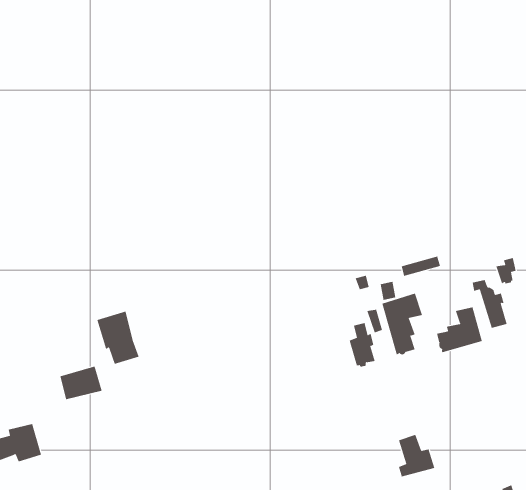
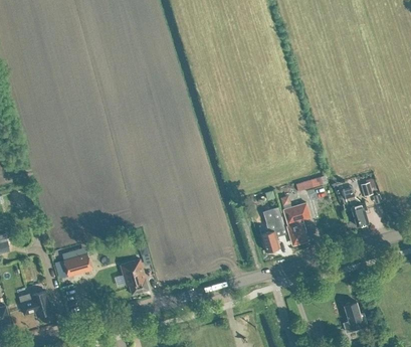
building: [437,306,482,353] -> none
building: [96,311,139,364] -> [121,258,150,295]
building: [398,434,435,477] -> [345,302,370,331]

